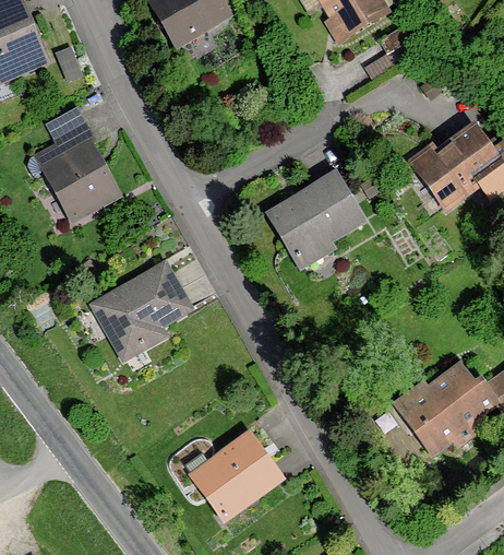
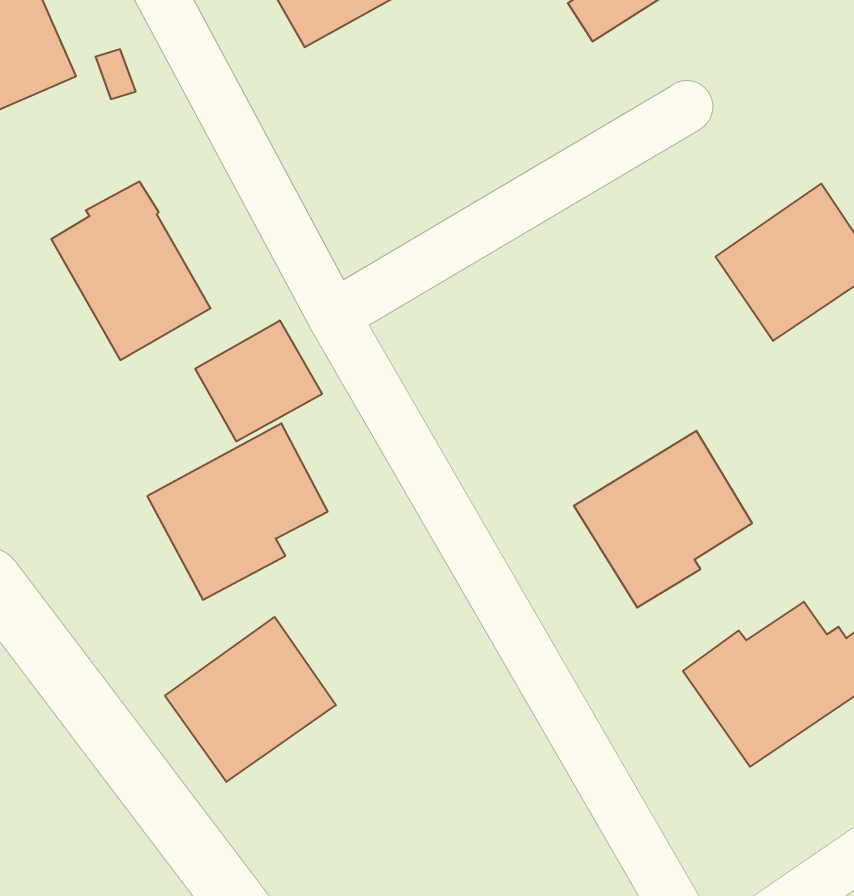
building: [265,170,367,271] -> [574,431,752,608]
building: none -> [195,320,322,441]
building: [187,429,284,523] -> [165,617,336,782]

